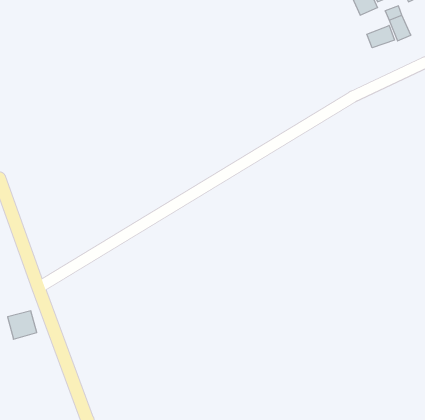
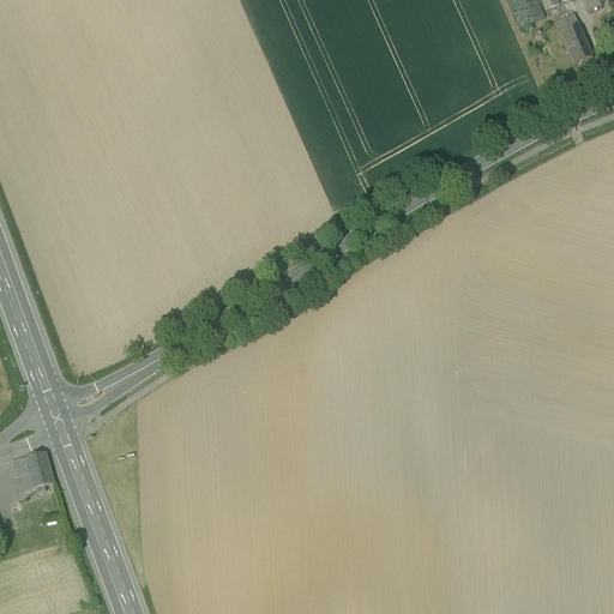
building: [367,25,394,48] -> none

